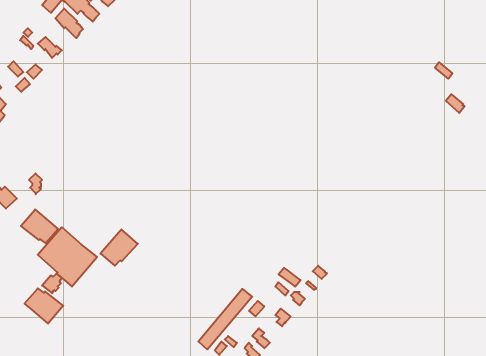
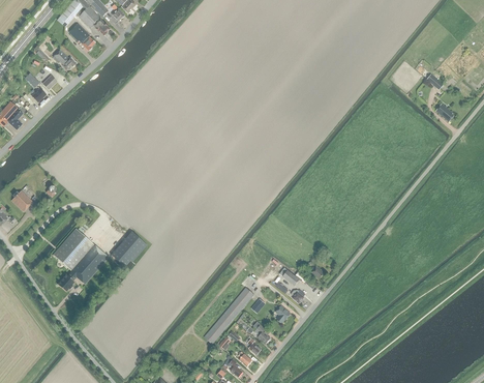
building: [21,209,58,243] -> none
building: [25,288,63,324] -> none

